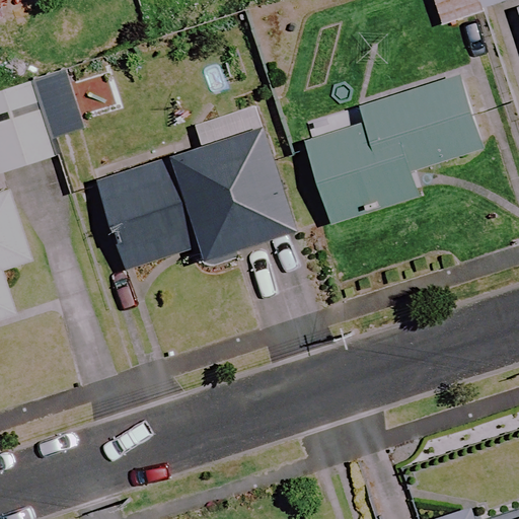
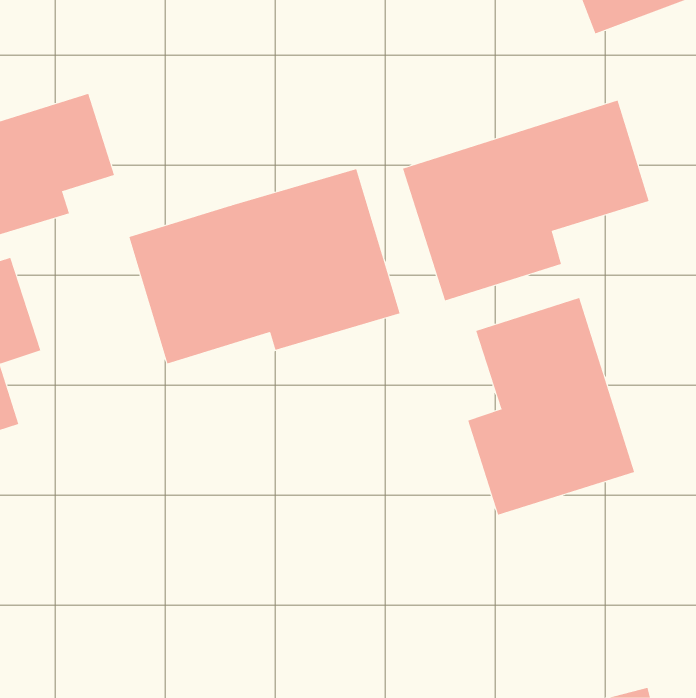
building: none -> [467,297,635,515]

